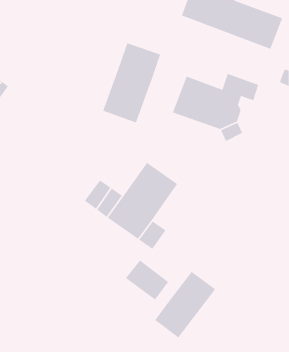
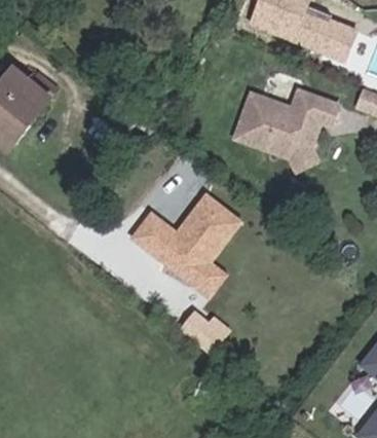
building: [102,42,161,123] -> none
building: [154,271,216,339] -> none

